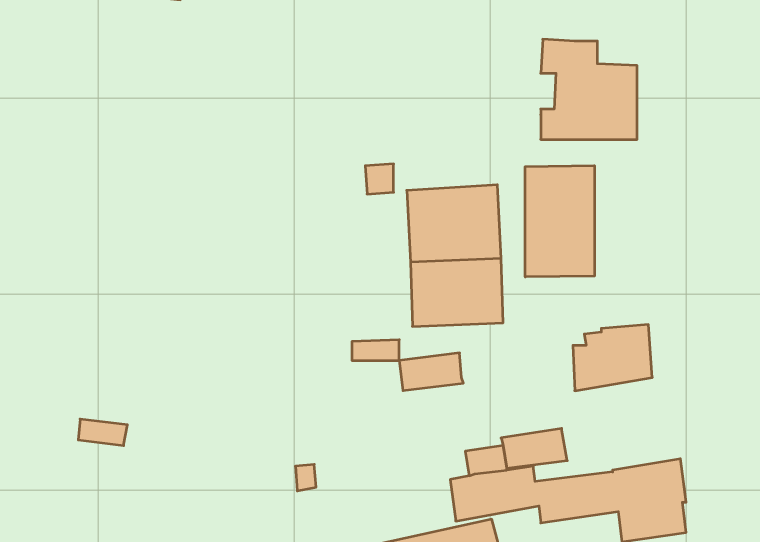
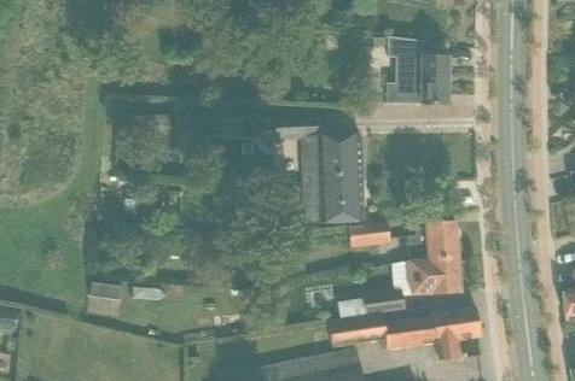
building: [525,166,594,277] -> none
building: [399,353,463,391] -> [348,222,389,246]
building: none -> [408,256,460,294]

